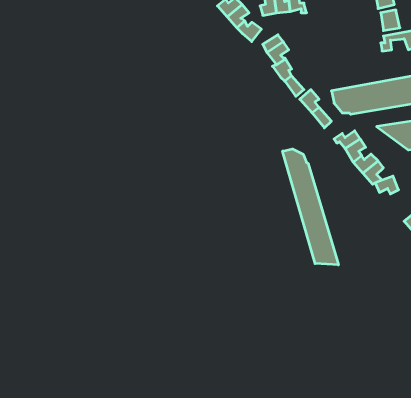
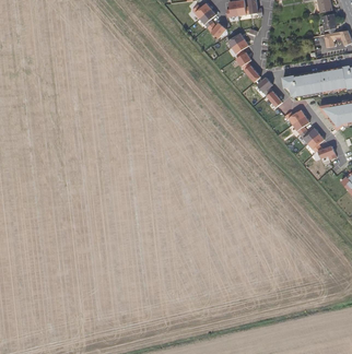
building: [283,149,338,265] -> none

